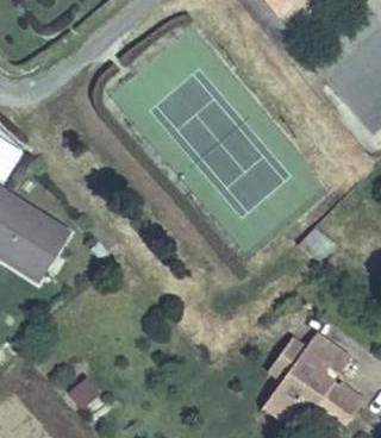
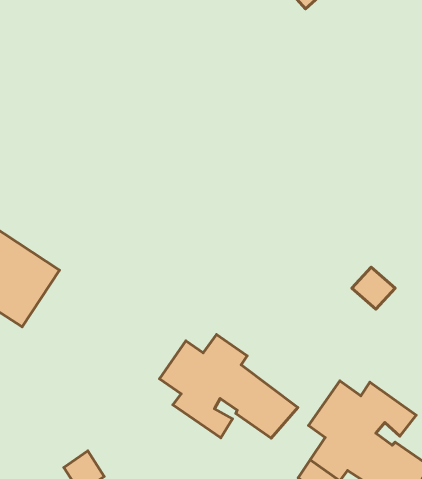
building: none -> [159,334,298,438]

